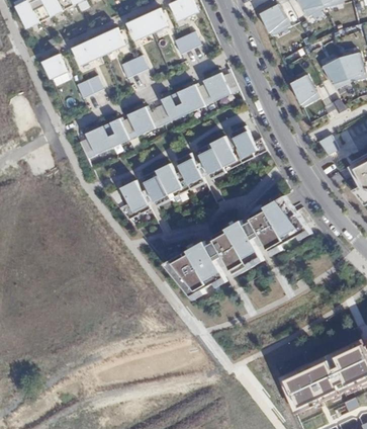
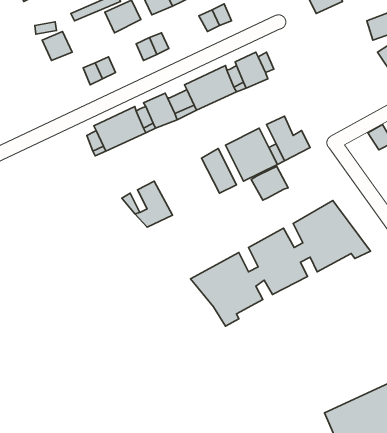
building: [73,37,103,65] -> none
building: [292,77,320,110] -> none
building: [143,162,179,205] -> none
building: none -> [251,166,288,200]

